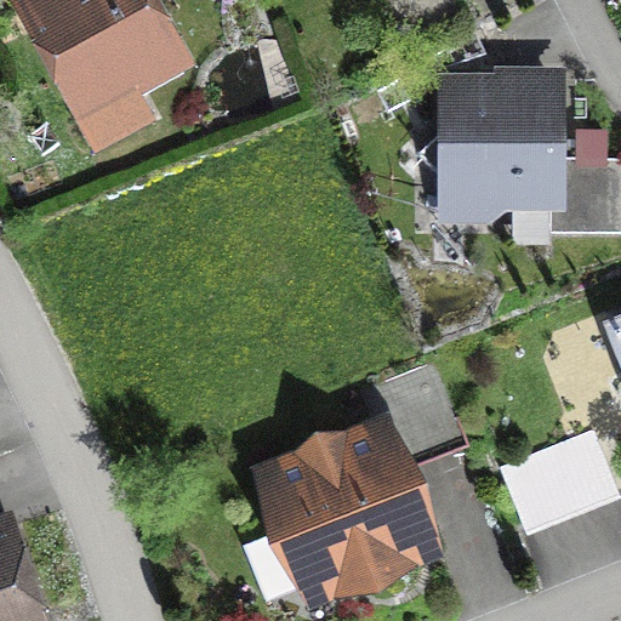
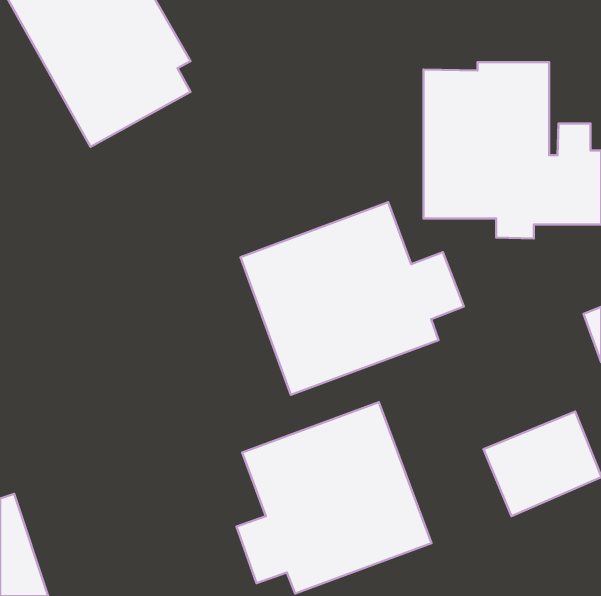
building: none -> [241,202,464,395]

